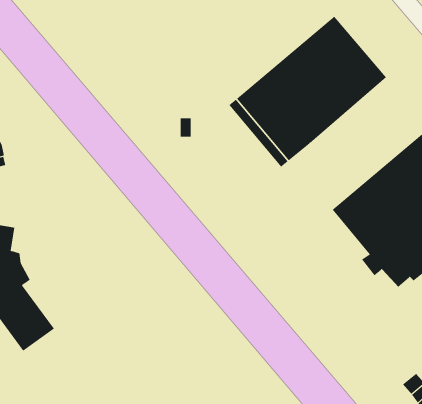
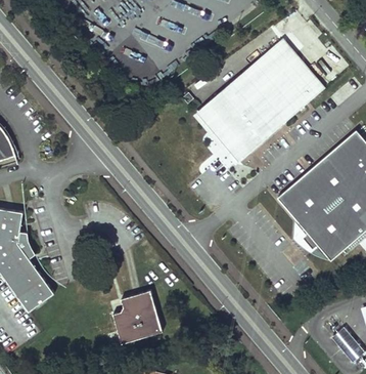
building: none -> [113,289,164,342]

